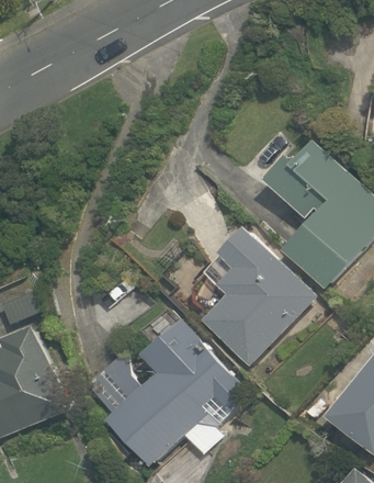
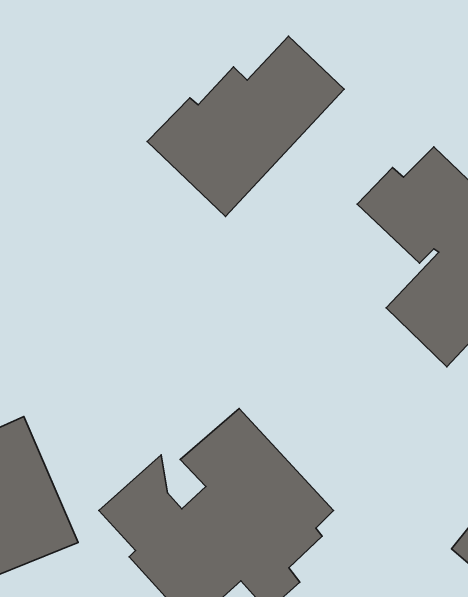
building: none -> [147,36,344,216]
building: [200,225,317,368] -> none

